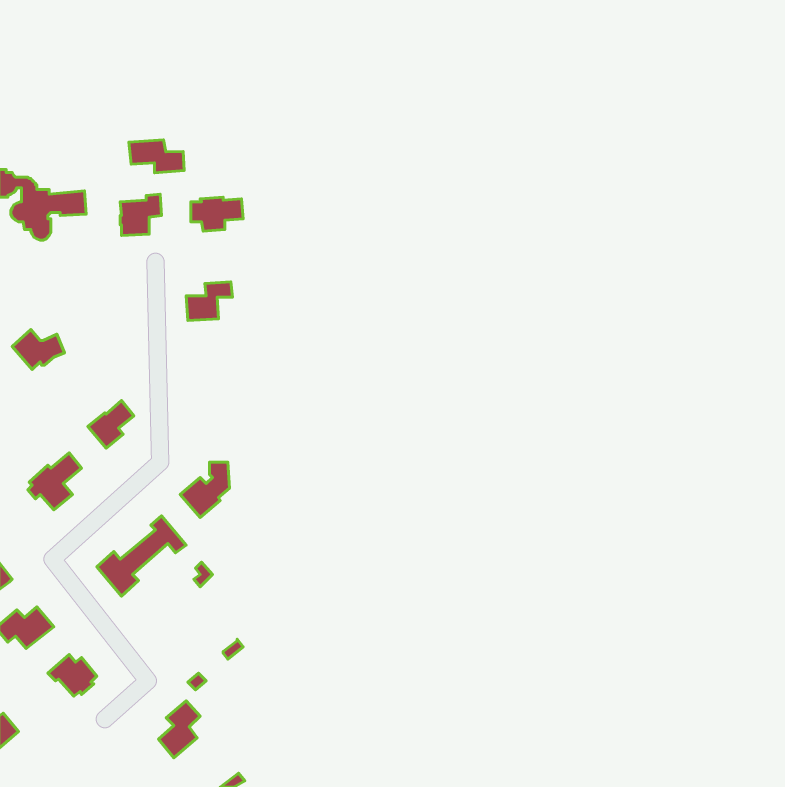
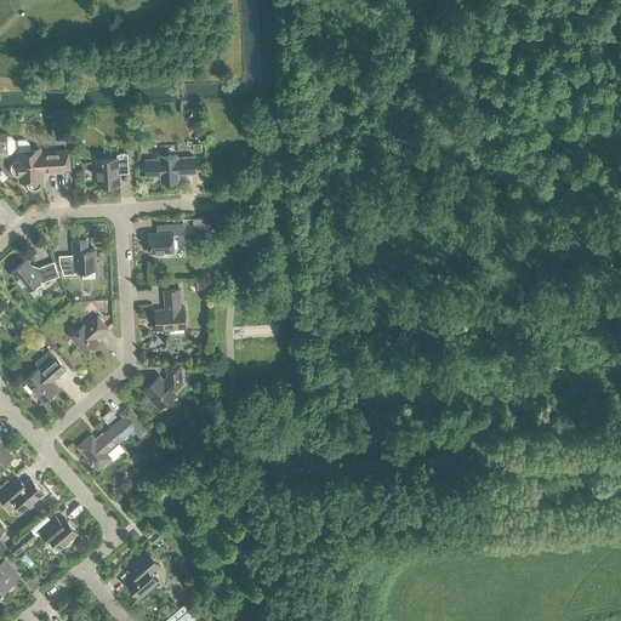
building: [129,140,184,173] -> none
building: none -> [57,239,95,274]
building: none -> [154,289,184,329]

